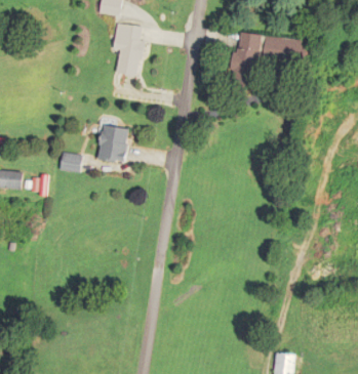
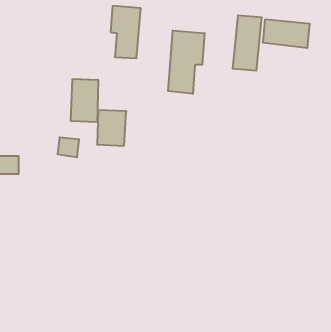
building: none -> [168,30,205,94]
building: none -> [71,79,98,122]

